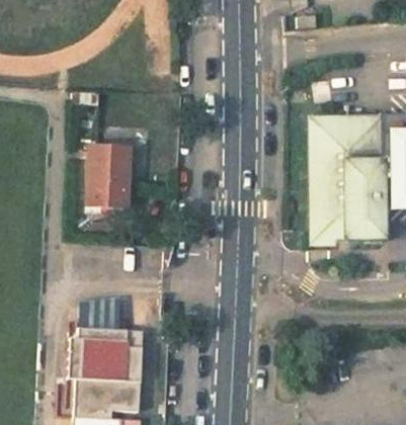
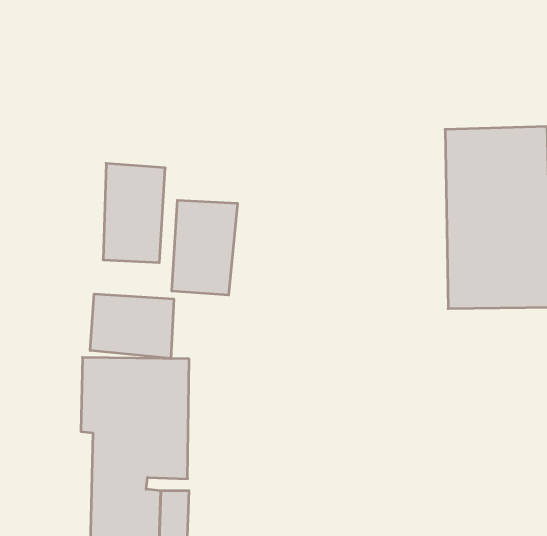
building: none -> [172,200,237,295]
building: none -> [90,294,174,359]

